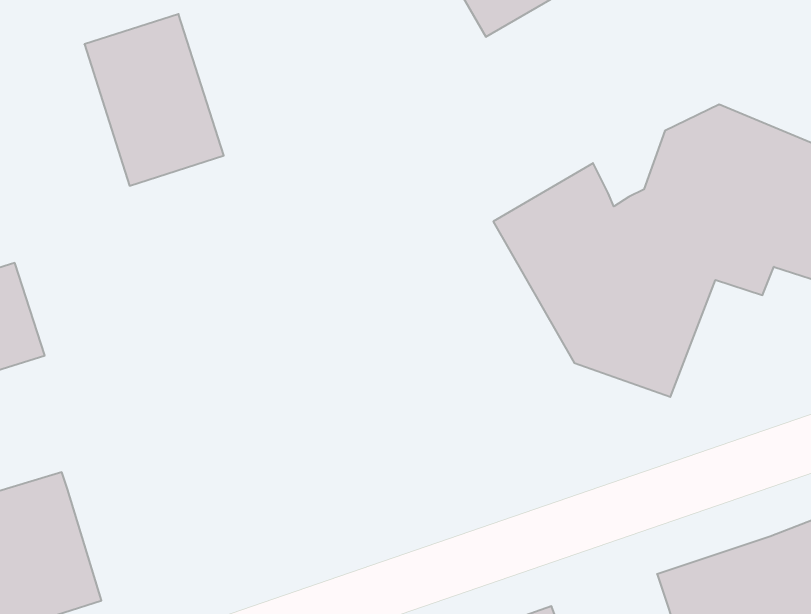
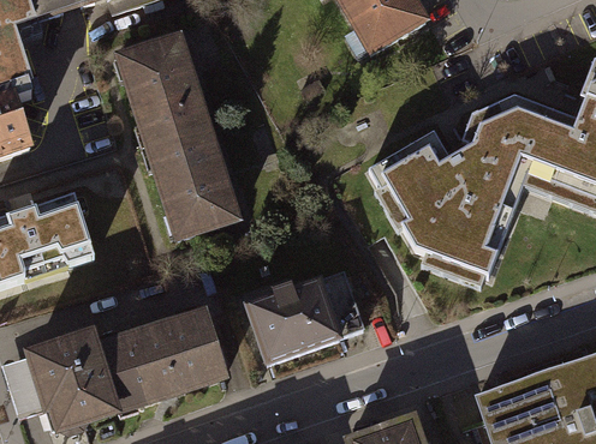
building: none -> [143,128,232,238]
building: none -> [238,268,363,364]
building: none -> [103,308,233,412]

